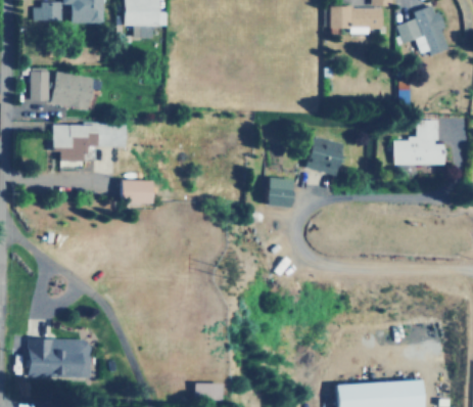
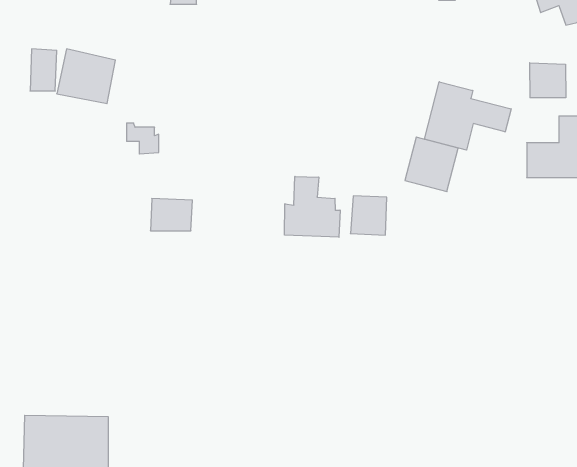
building: none -> [530,63,566,98]
building: none -> [424,82,511,150]
building: [52,125,97,162] -> none
building: none -> [285,176,340,237]

